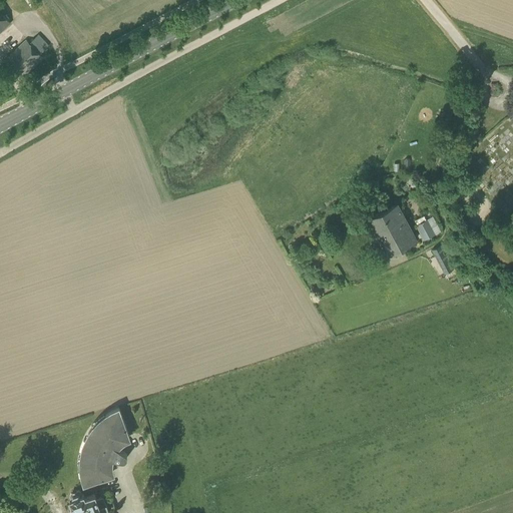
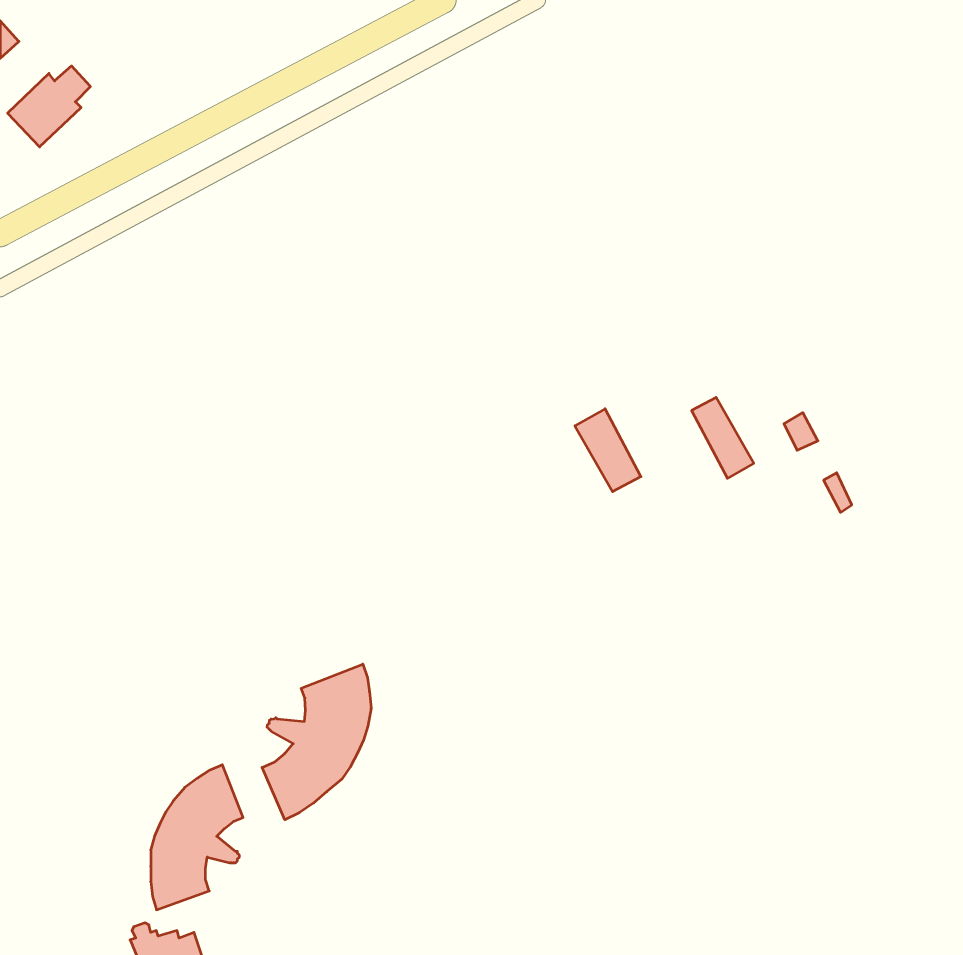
building: [381,206,416,250] -> [575,409,641,492]
building: none -> [262,664,371,820]

